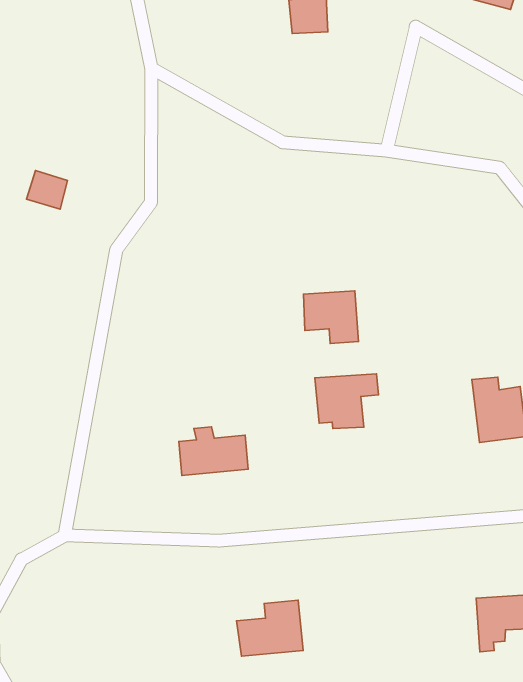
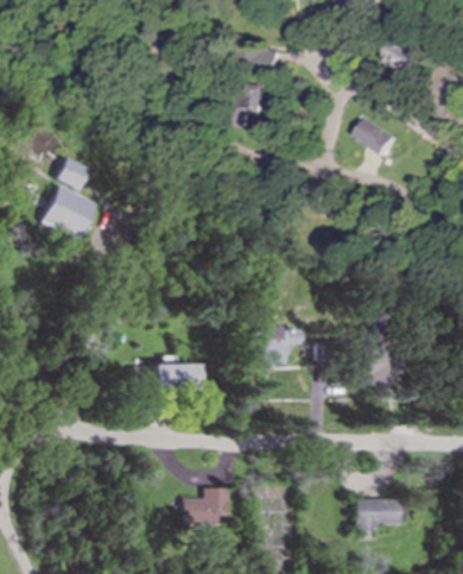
building: none -> [242,83,267,126]
building: none -> [355,116,397,154]
building: none -> [39,184,94,239]
building: [304,291,358,343] -> none

